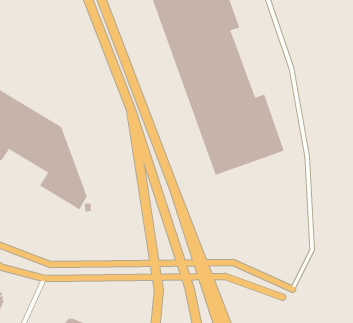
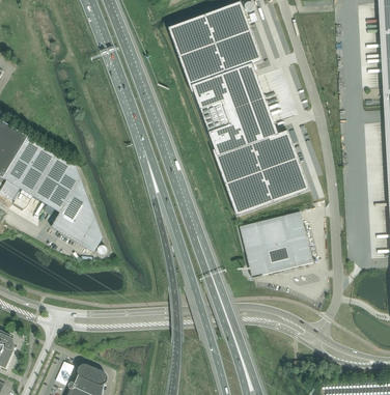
building: none -> [239,210,312,276]

